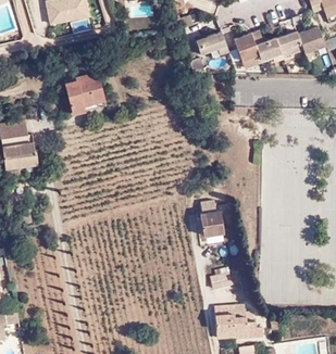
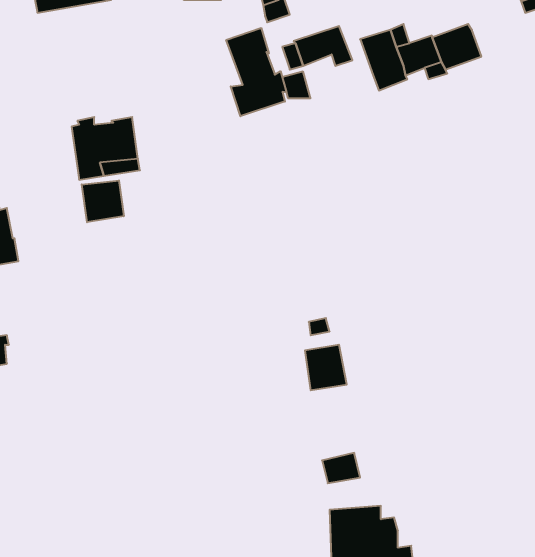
building: [298,25,324,52] -> none
building: none -> [226,28,286,116]
building: none -> [82,180,124,222]

